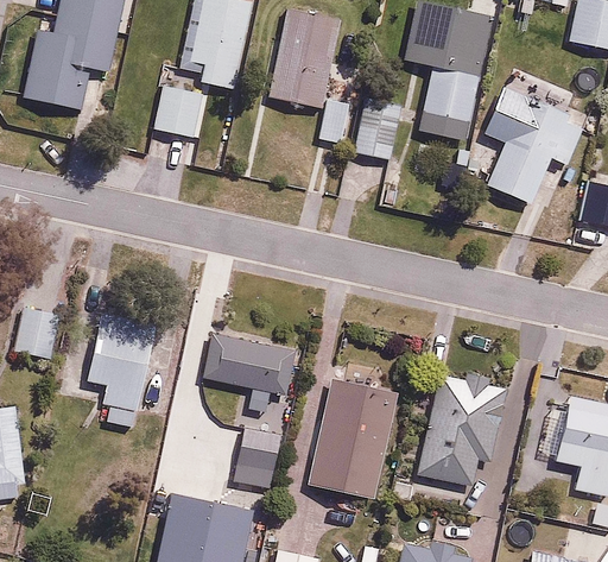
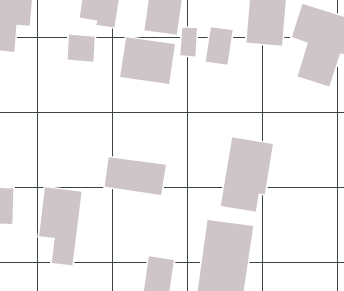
building: none -> [119,36,176,85]
building: [202,333,297,398] -> [104,156,167,196]
building: [420,372,508,486] -> [220,136,274,212]

